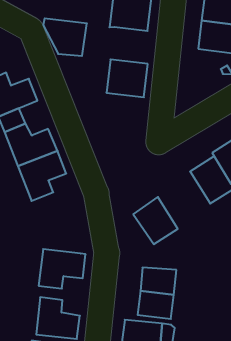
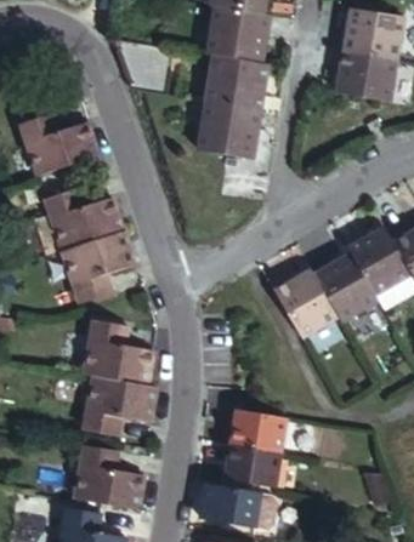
building: none -> [205,55,268,112]
building: [133,197,178,244] -> [273,268,338,337]
building: none -> [83,321,152,384]

